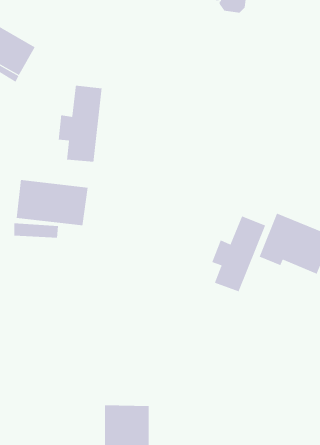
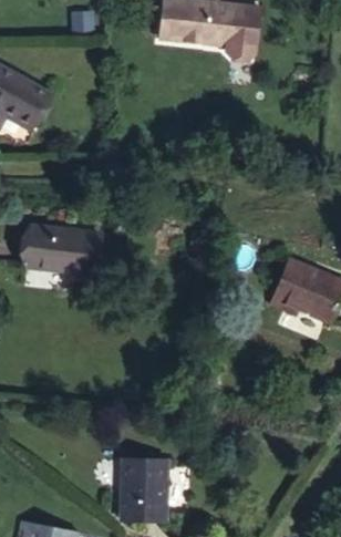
building: [58,85,102,162] -> none
building: [212,216,266,292] -> none

